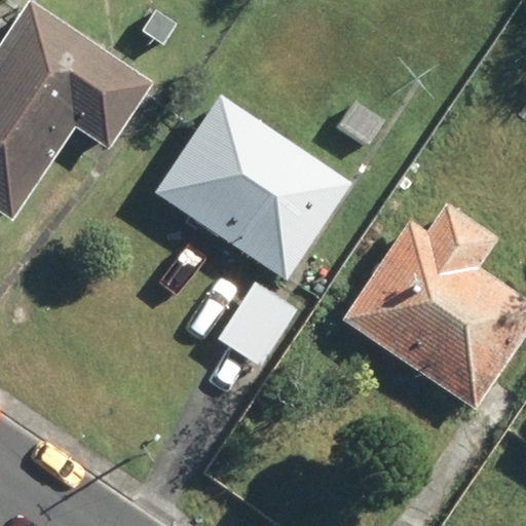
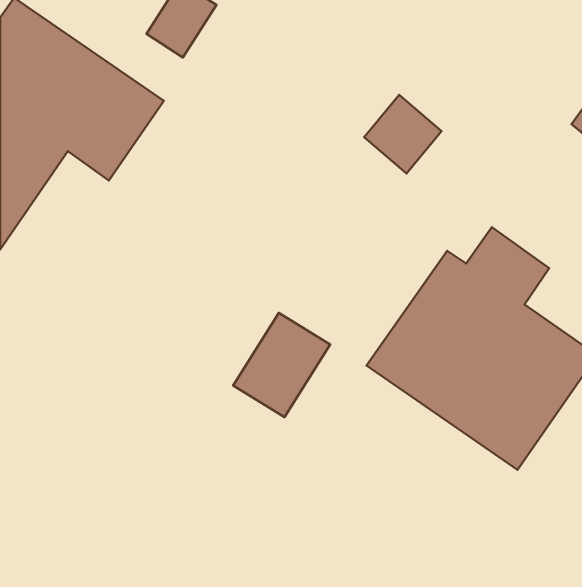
building: [149,90,348,280] -> none

